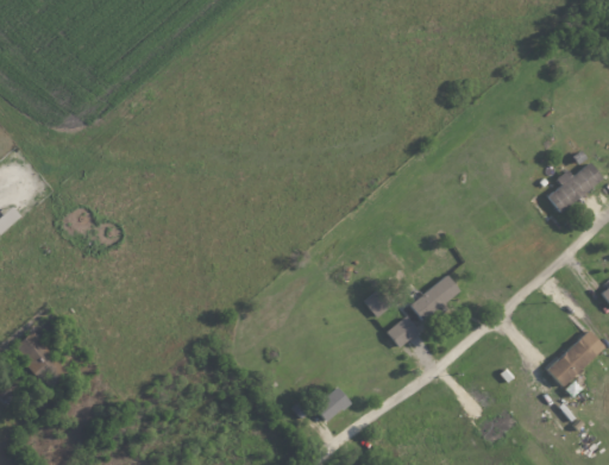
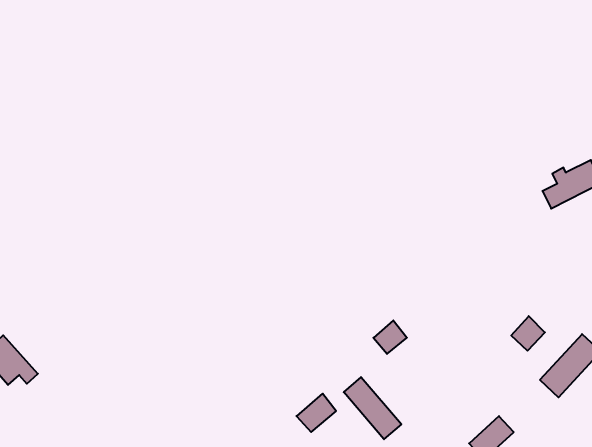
building: [409,274,459,322] -> none
building: none -> [511,316,545,351]
building: none -> [344,377,401,439]

